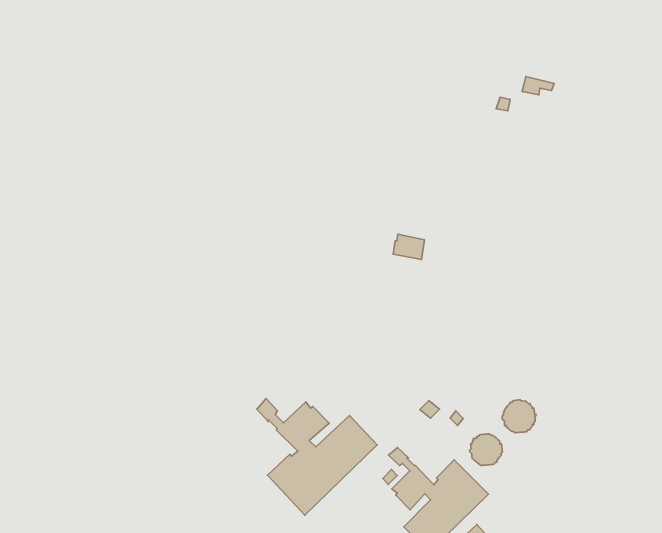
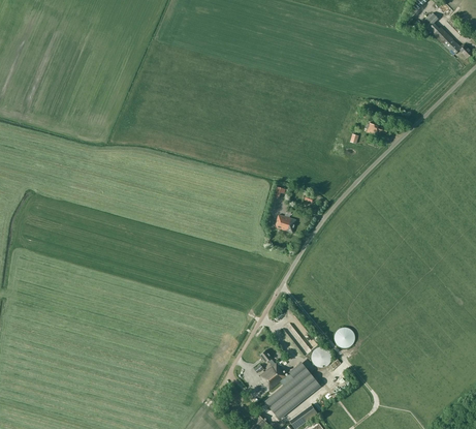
building: [257,398,377,515] -> none

